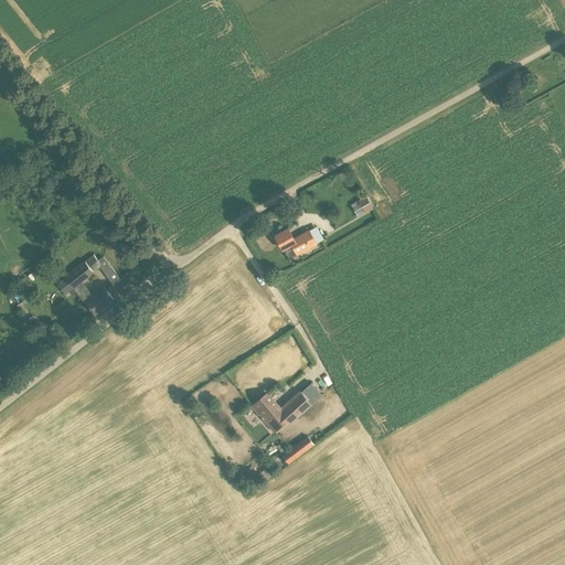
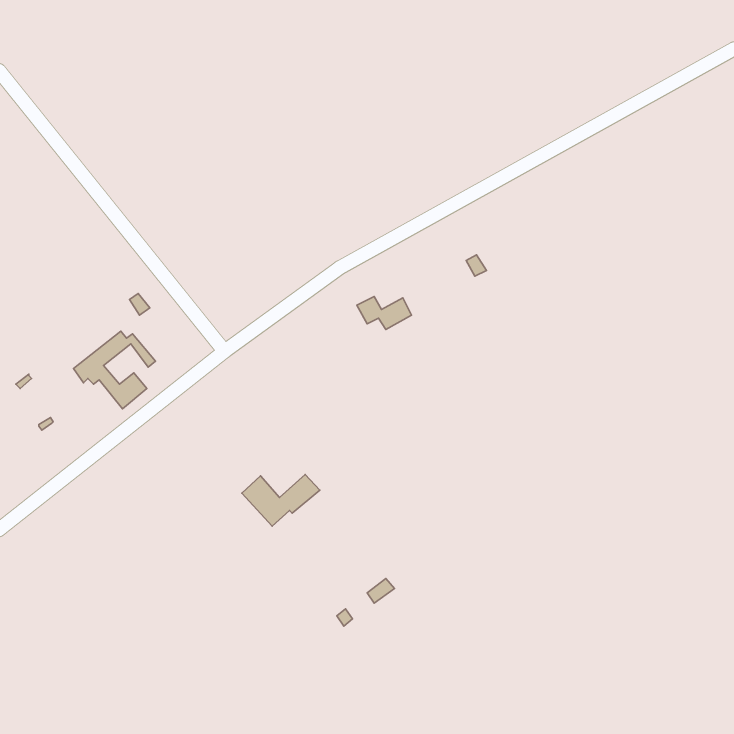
building: [250,391,310,430] -> [242,474,320,526]

